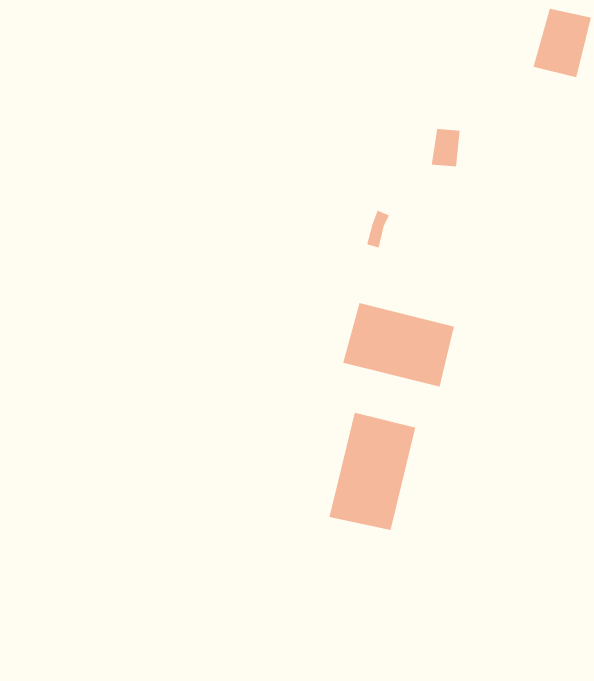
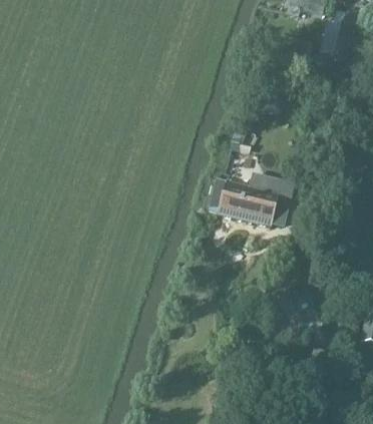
building: [328,412,416,531] -> none

